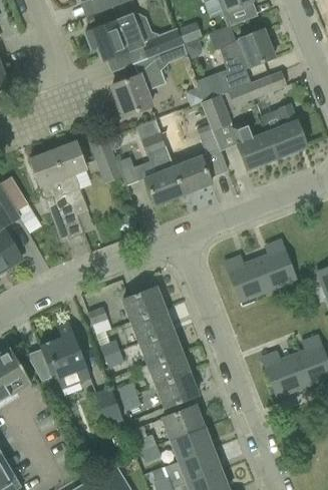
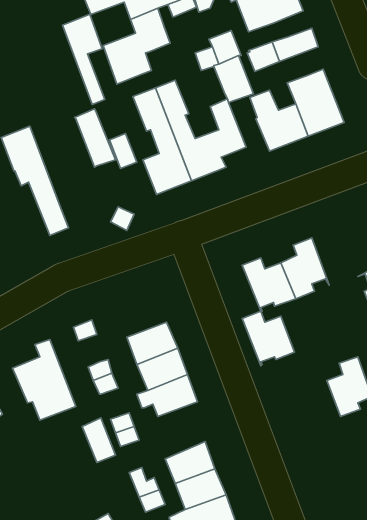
building: [53,141,87,214] -> [62,14,105,105]
building: [123,287,163,321] -> none
building: [262,352,304,396] -> [242,311,295,366]
building: [156,373,198,407] -> none

